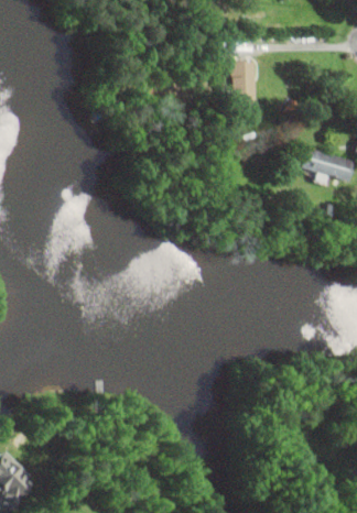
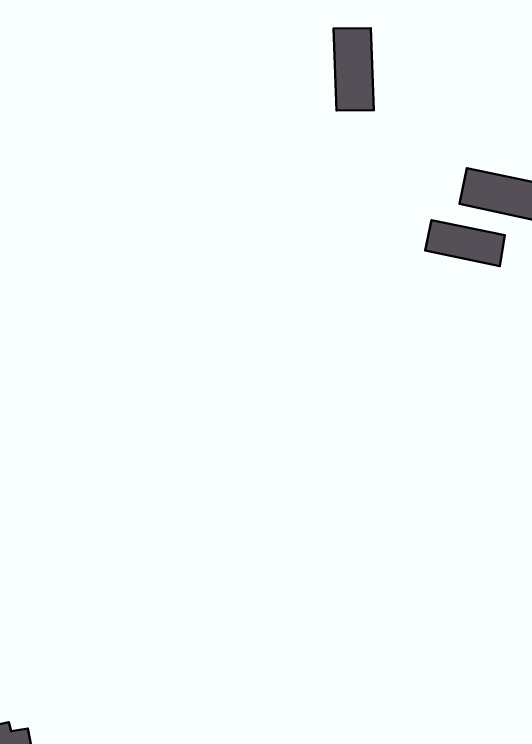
building: none -> [425,220,505,266]

